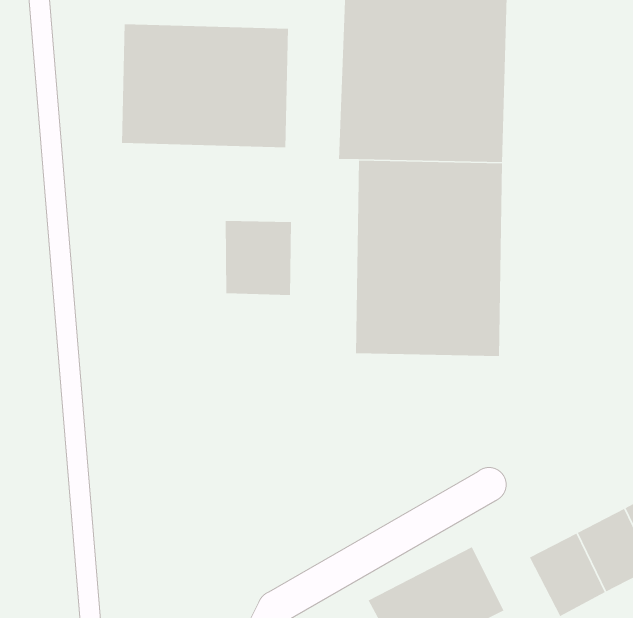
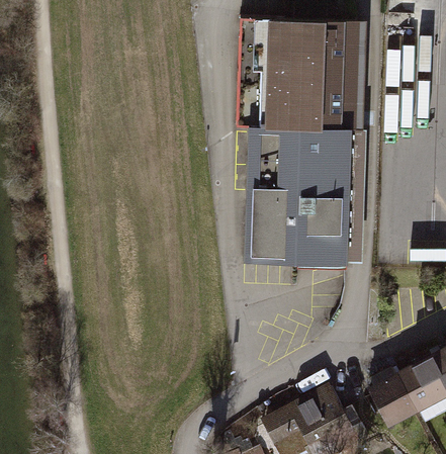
building: [121,23,289,148] -> none
building: [225,220,292,296] -> none

